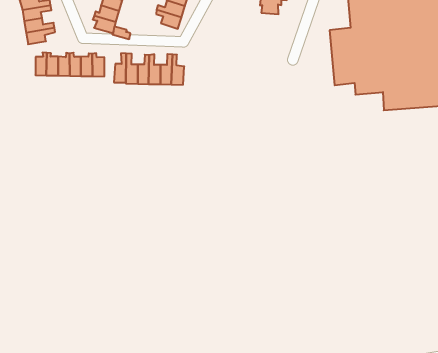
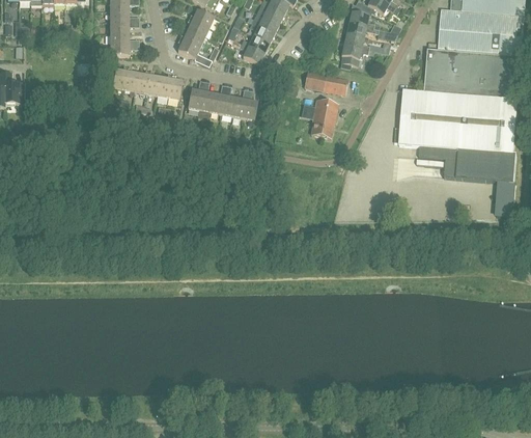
building: none -> [304,71,347,93]
building: none -> [310,98,337,137]

